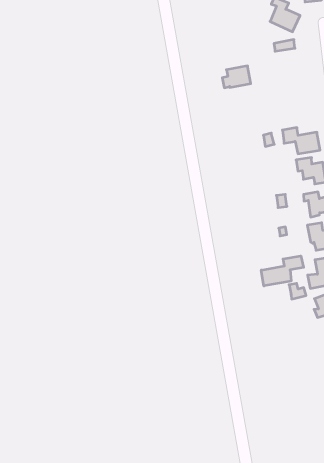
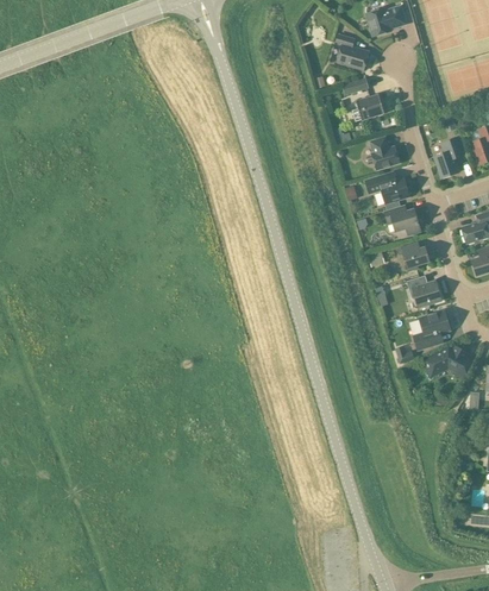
building: [222,66,251,88] -> [352,94,384,121]
building: none -> [370,137,400,169]
building: [261,256,304,286] -> none

